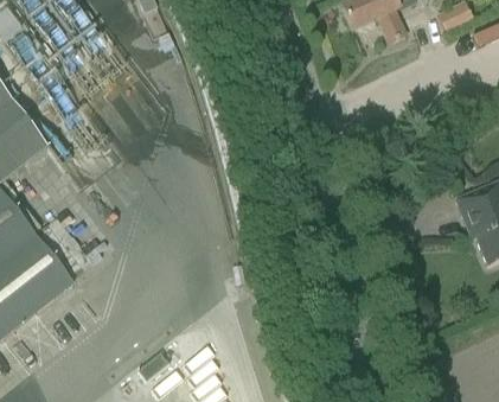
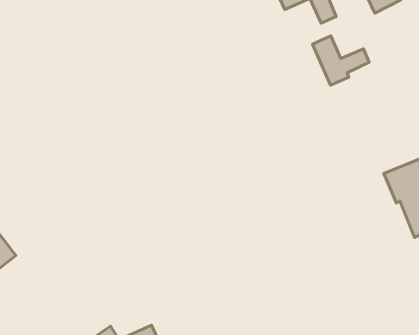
building: none -> [312,36,369,85]

